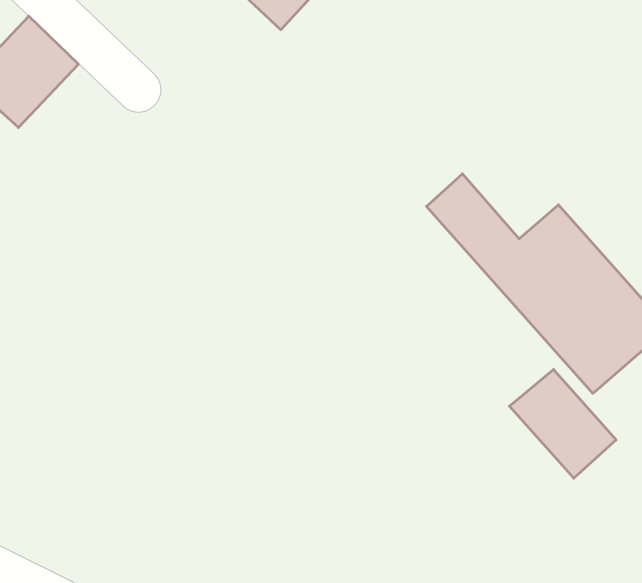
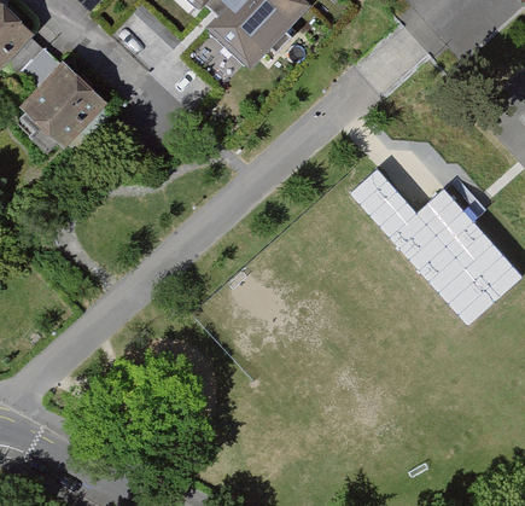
building: [509,369,616,478] -> none

